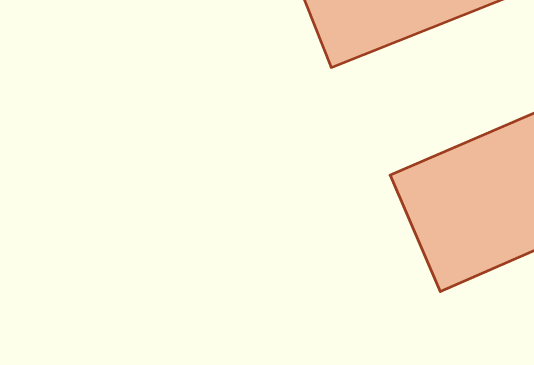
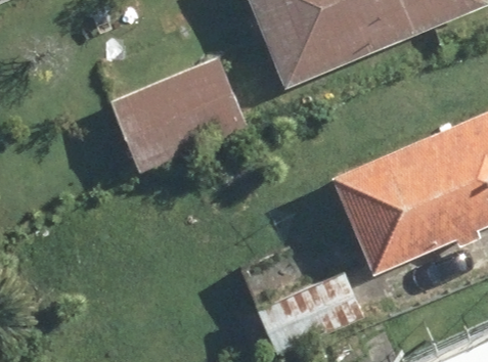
building: none -> [110,60,245,171]

